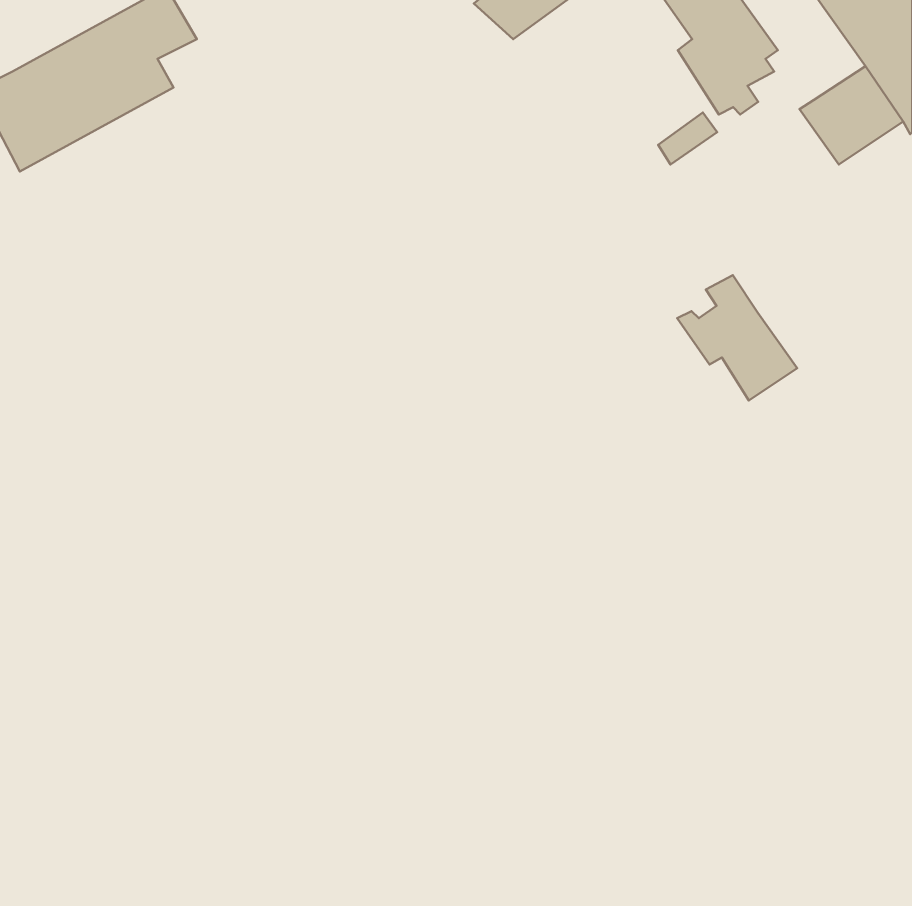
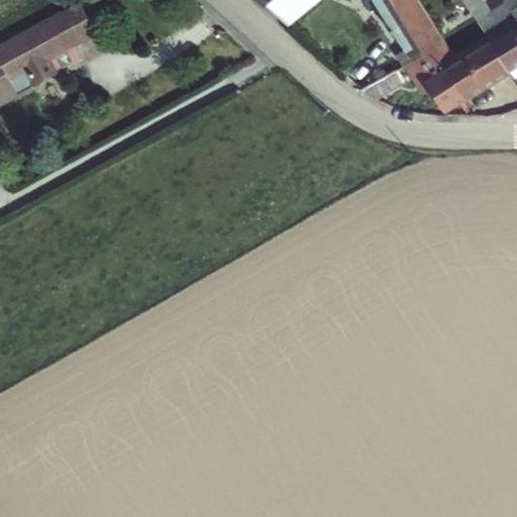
building: [677,275,797,400] -> [406,40,474,111]

